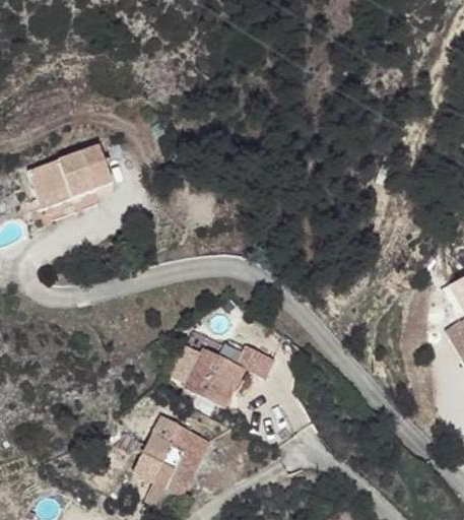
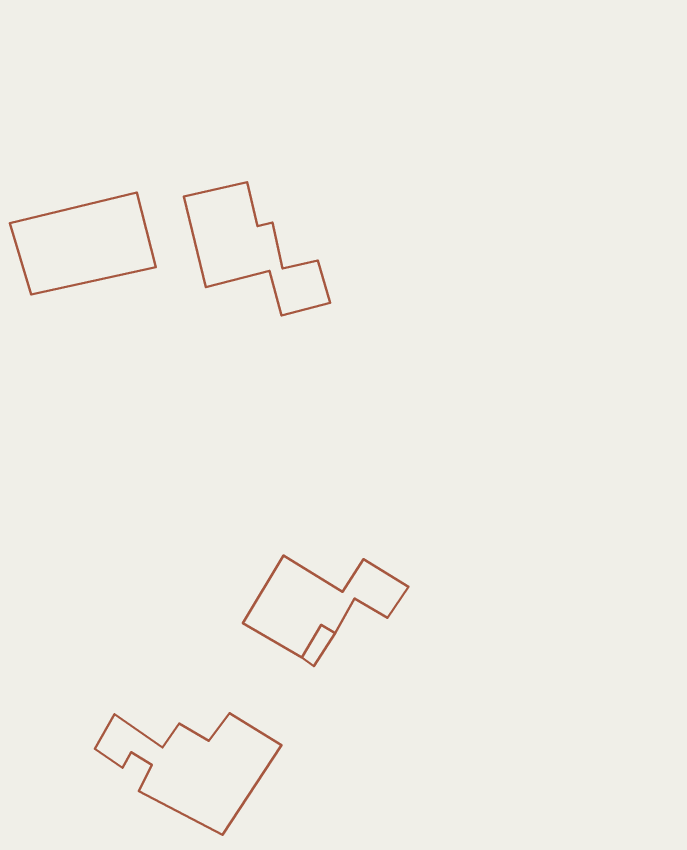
building: none -> [184,182,330,315]

